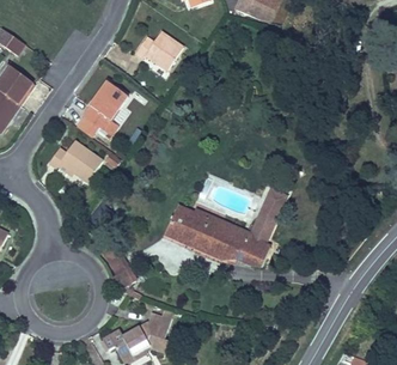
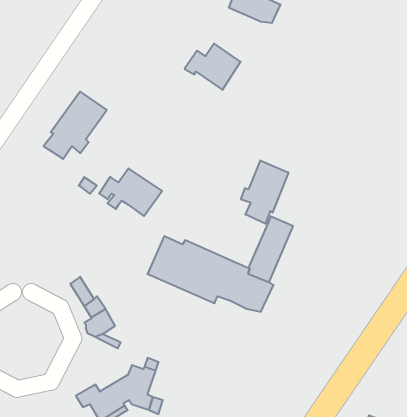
building: [135,30,183,69] -> [185,44,241,90]
building: none -> [241,160,289,224]
building: [49,140,103,181] -> [99,168,162,216]

